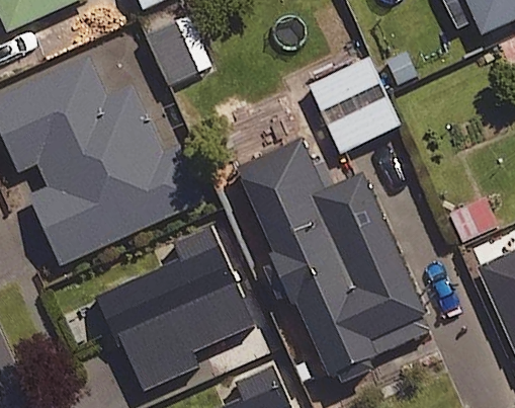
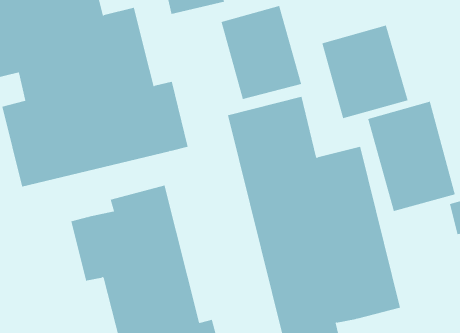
building: none -> [221,5,302,100]
building: none -> [368,101,455,212]

